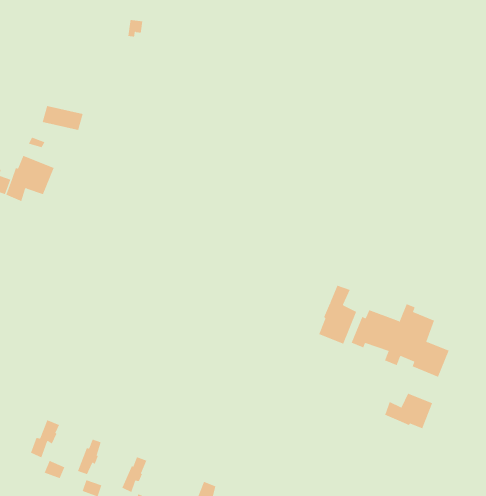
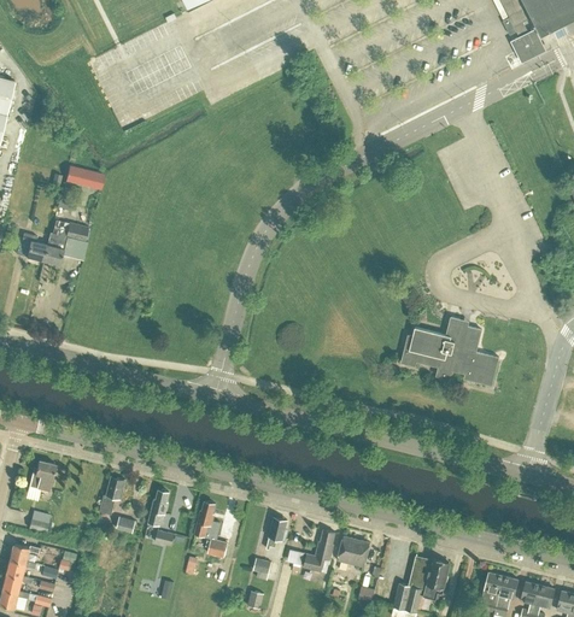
building: [319,285,357,344] -> none
building: [385,393,433,429] -> none

